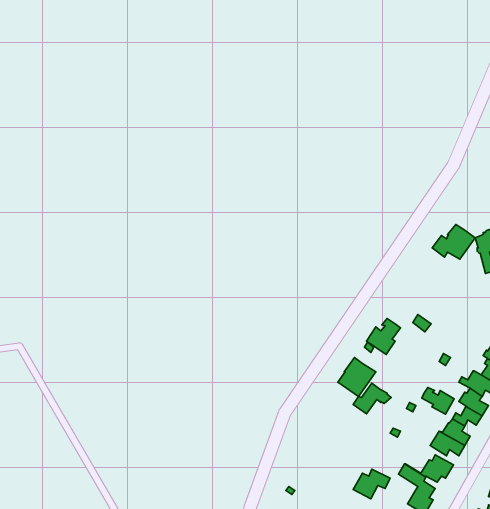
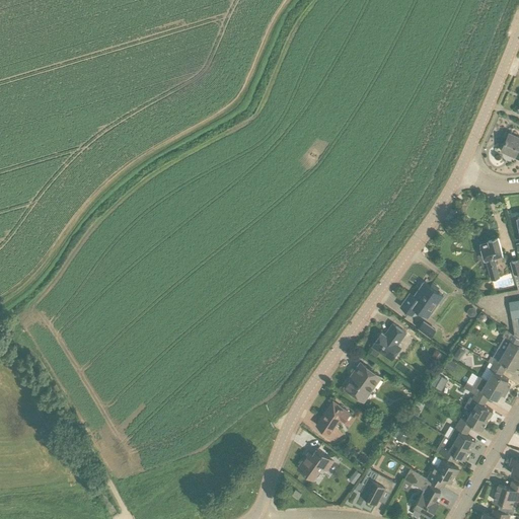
building: [432,224,475,259] -> [401,284,444,318]
building: [353,383,391,414] -> [317,404,355,435]
building: [422,387,454,414] -> none
building: none -> [299,450,333,479]

